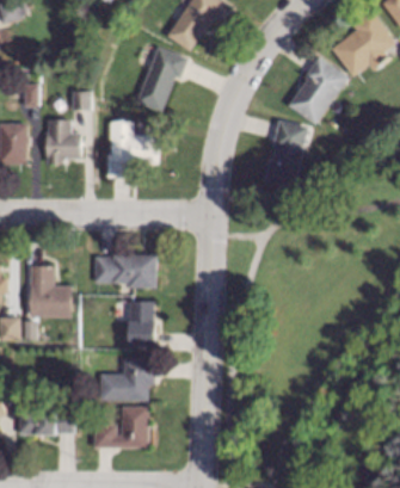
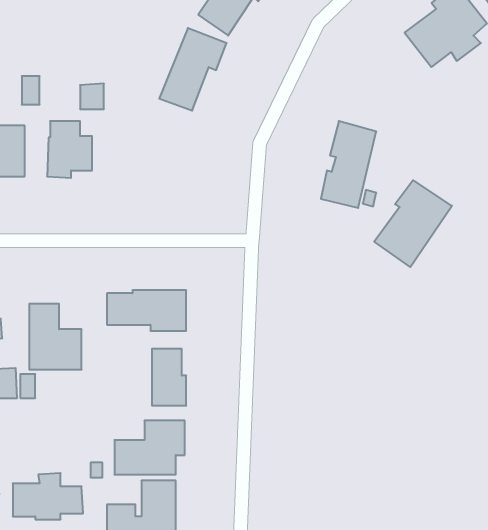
building: [287,56,349,125] -> [374,180,452,267]
building: [106,122,159,178] -> none

